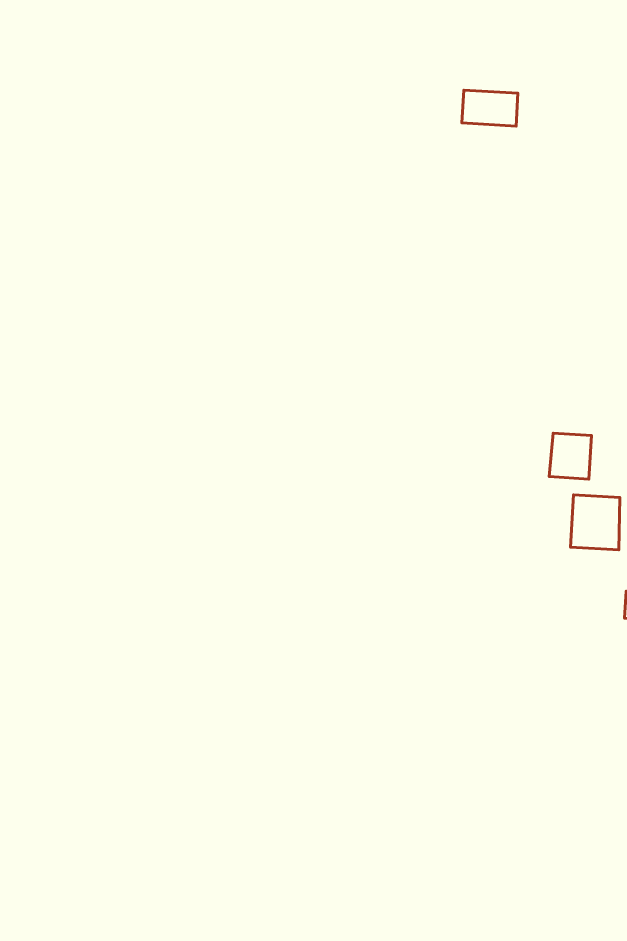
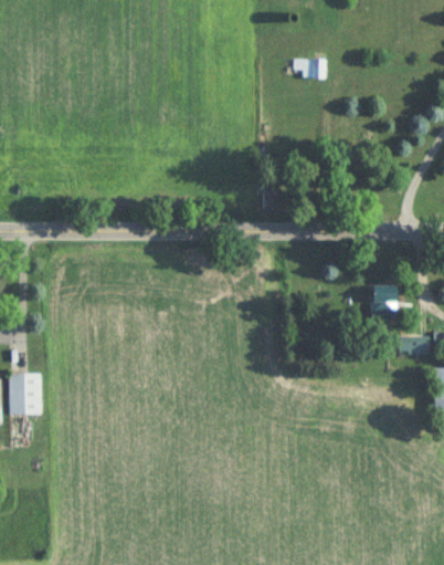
building: [549,433,592,479] -> none

